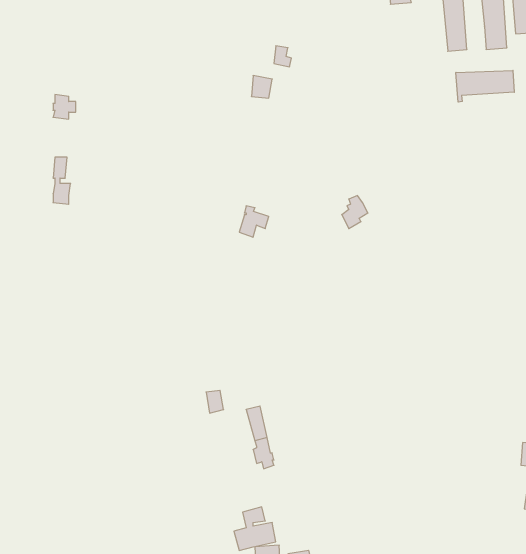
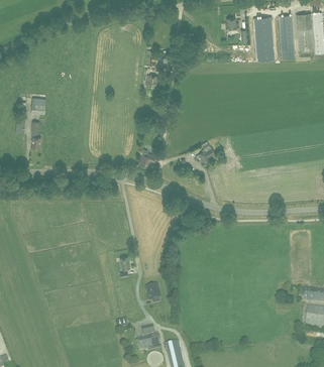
building: [456,70,514,102] -> none

